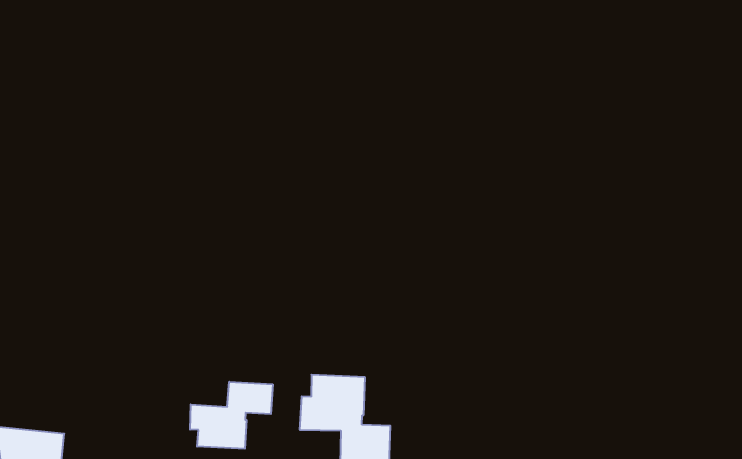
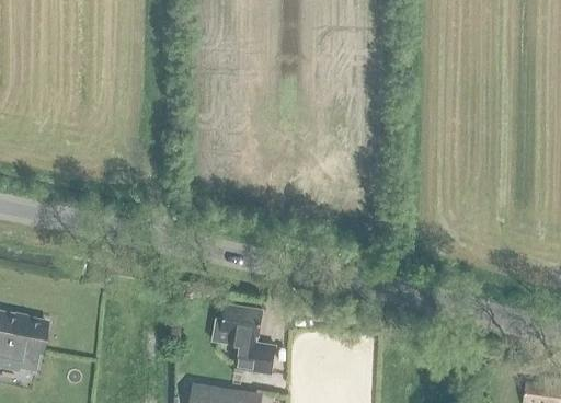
building: [190,382,273,449] -> none

